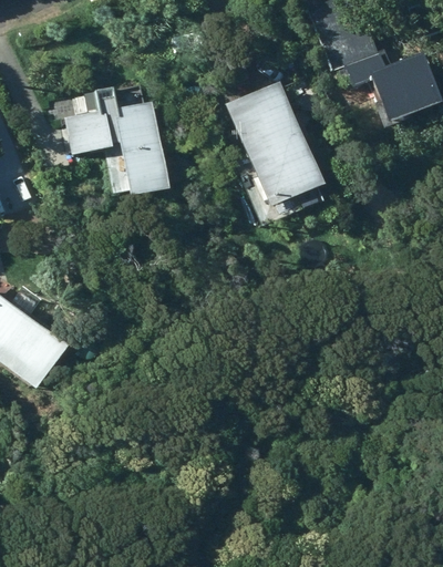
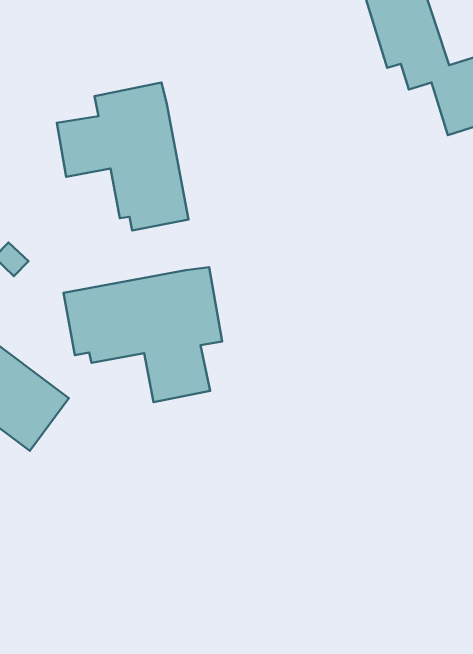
building: [224,81,322,206] -> none
building: none -> [64,267,222,402]

